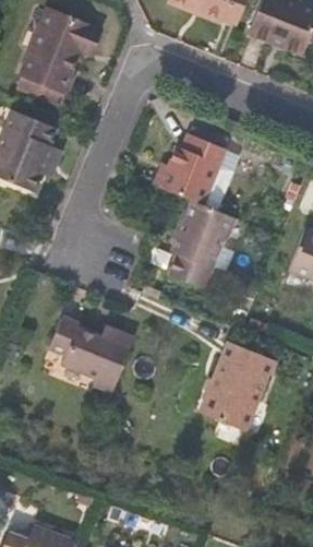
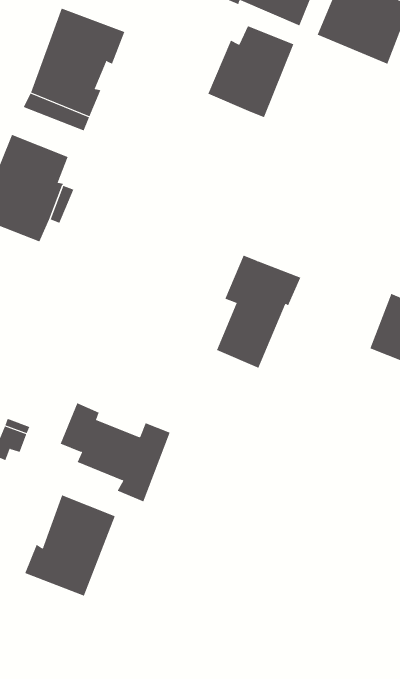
building: [157,133,224,204] -> [208,26,294,118]
building: [203,341,274,428] -> none
building: none -> [24,494,116,596]

